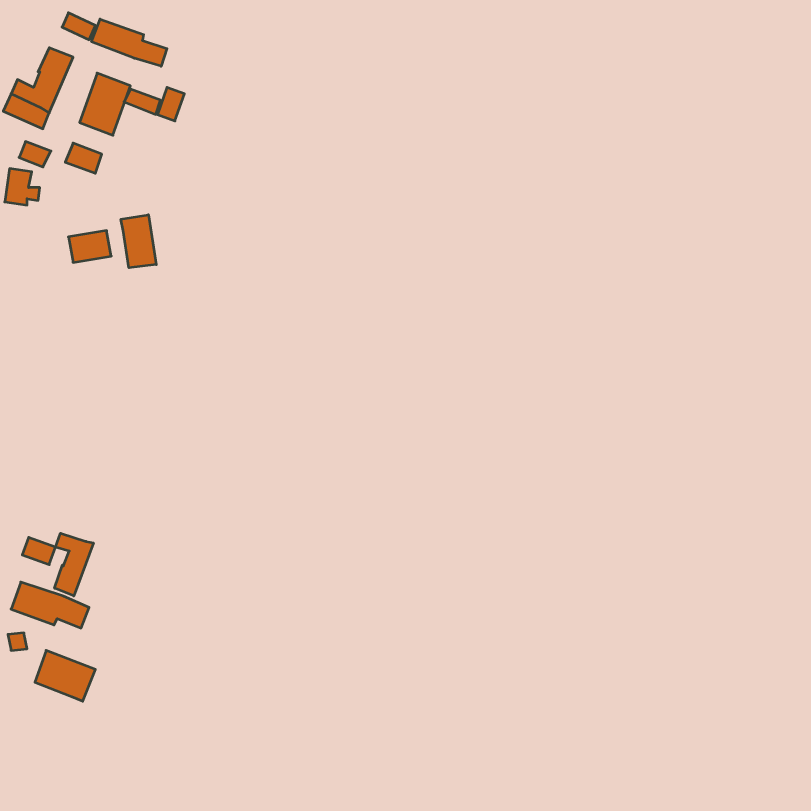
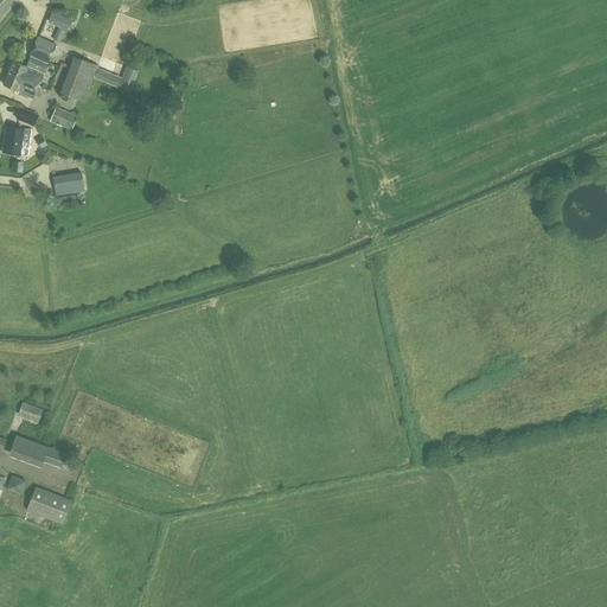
building: [92,19,167,66] -> none
building: [121,215,156,268] -> none
building: [55,533,93,596] -> none

